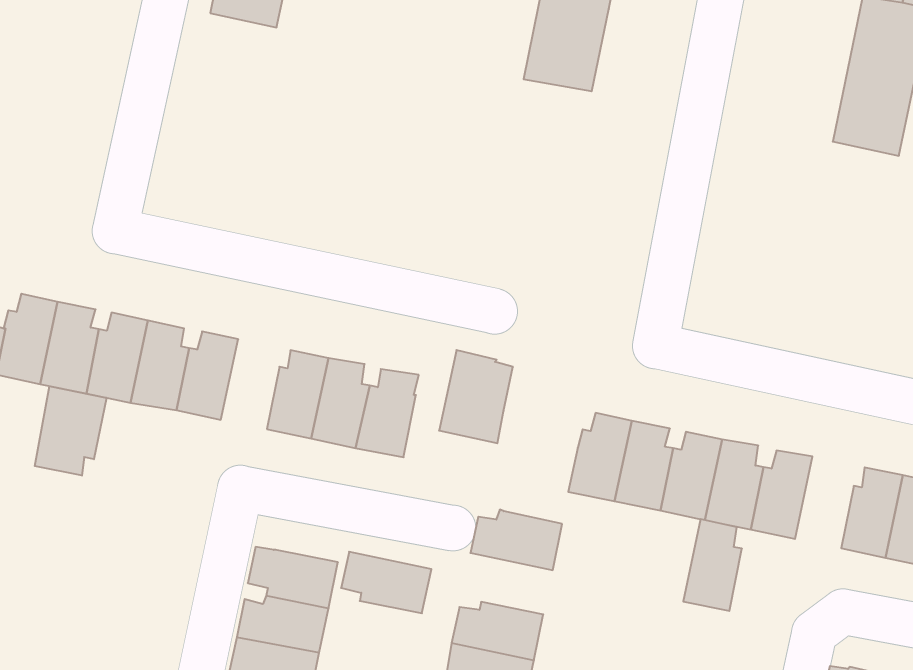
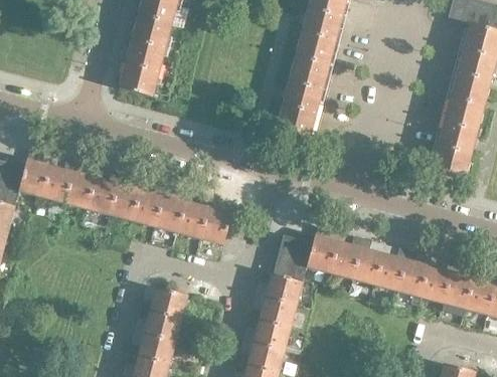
building: none -> [120,14,172,97]
building: none -> [277,56,330,139]
building: none -> [432,97,484,179]
building: none -> [133,180,164,226]
building: [439,350,513,443] -> [274,234,313,282]
building: [35,386,107,476] -> none
building: [683,519,742,611] -> [421,255,452,303]
building: [341,552,431,613] -> [251,295,297,328]

